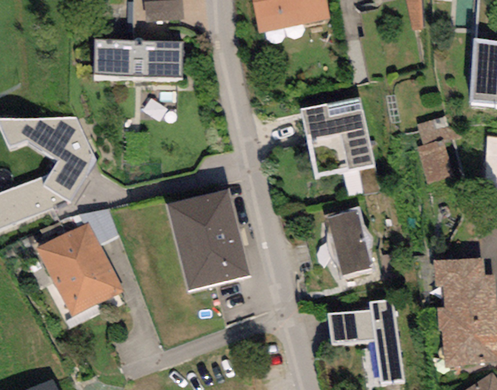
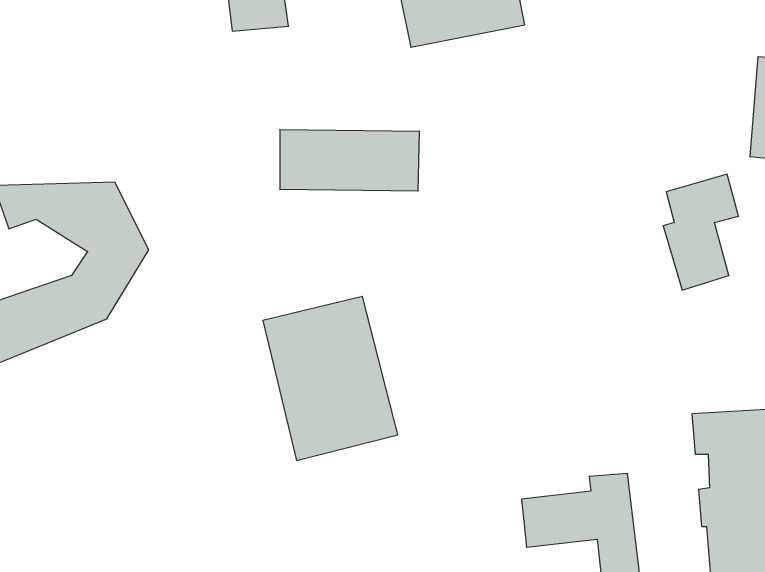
building: [94,39,181,77] -> [280,130,420,191]
building: [300,96,374,177] -> none
building: [324,208,374,275] -> none
building: [34,221,123,317] -> none

